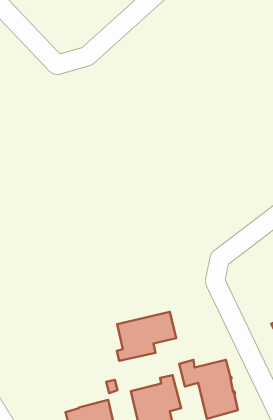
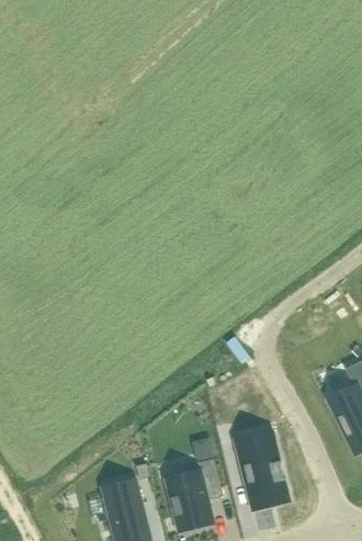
building: [117,312,176,361] -> none

